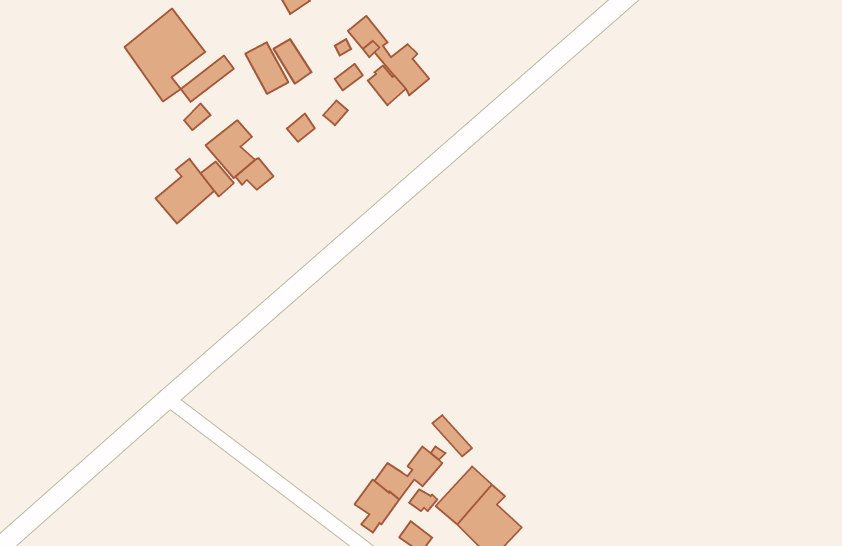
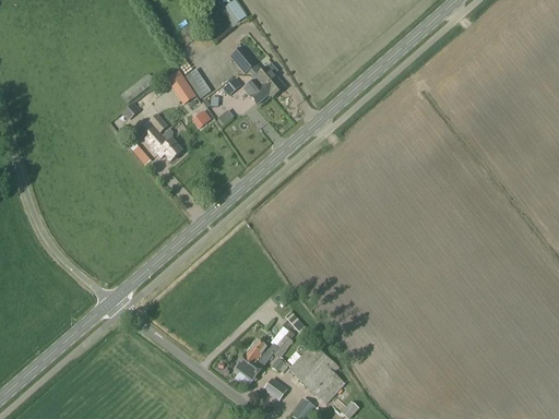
building: [125,9,205,101] -> none
building: [156,159,214,224] -> none

